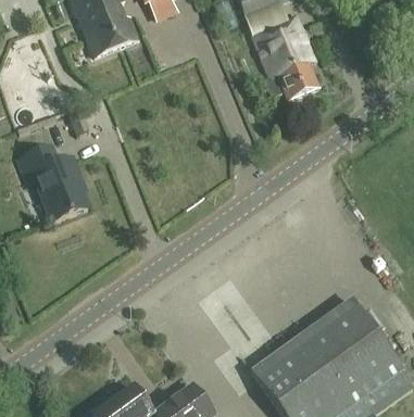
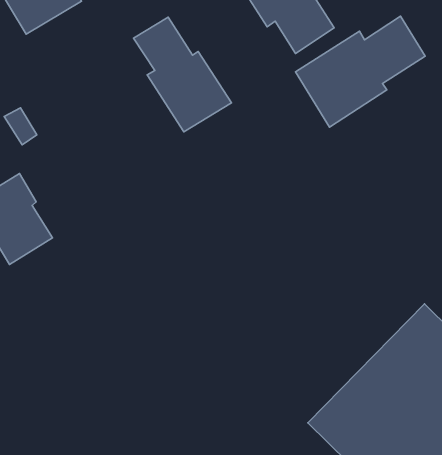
building: none -> [134,17,231,132]
building: none -> [296,16,425,127]

